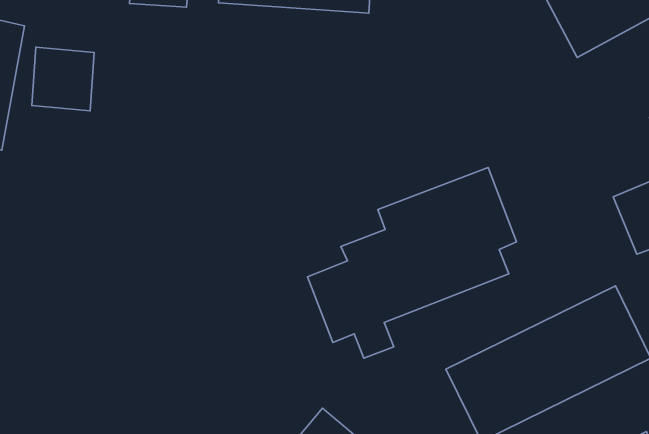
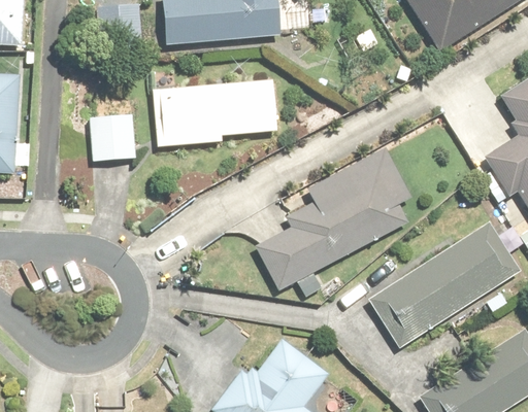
building: [32,47,94,111] -> [89,116,135,162]
building: none -> [156,82,276,148]

